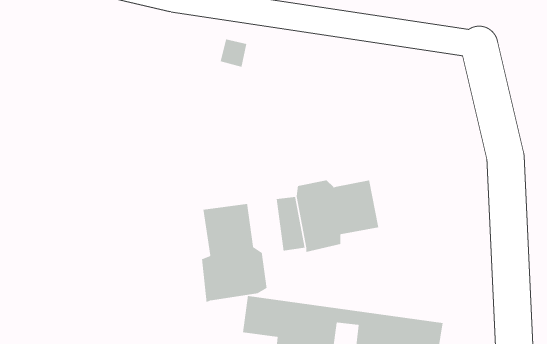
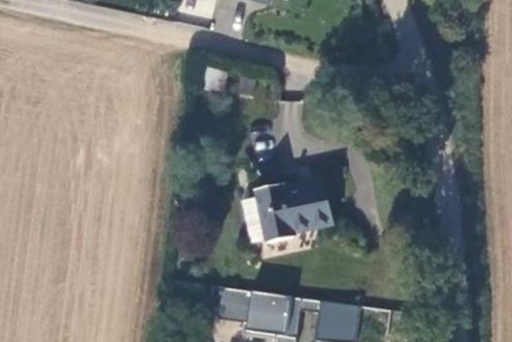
building: [201,203,267,303] -> none

